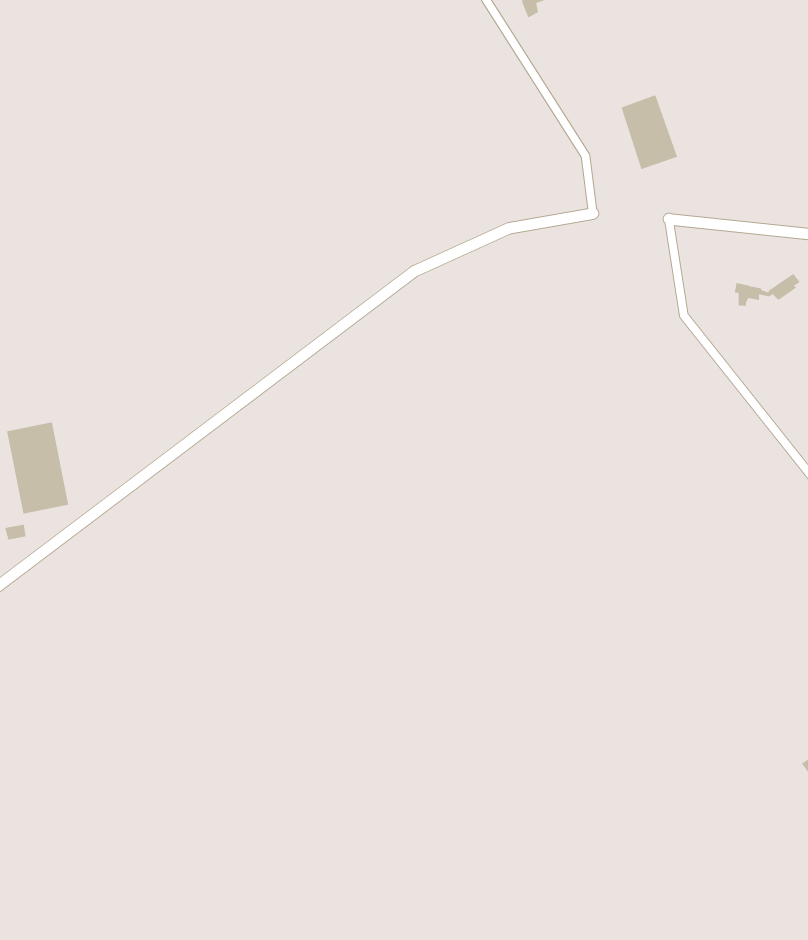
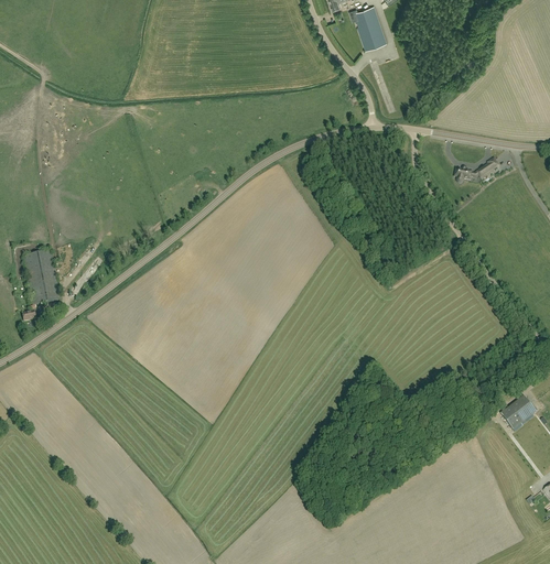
building: [620,94,678,170] -> [353,6,387,51]

